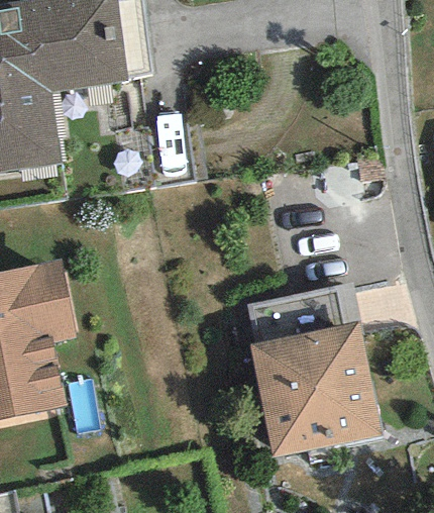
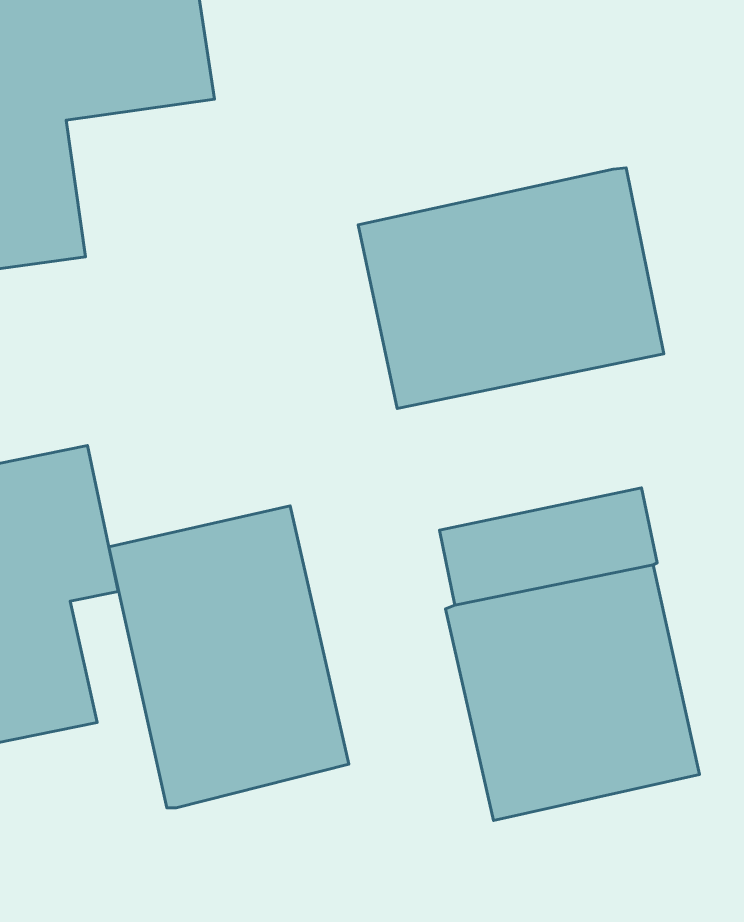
building: none -> [358,168,664,409]
building: none -> [109,506,349,808]

